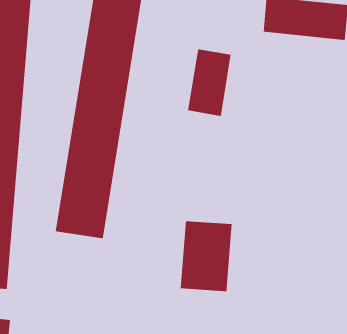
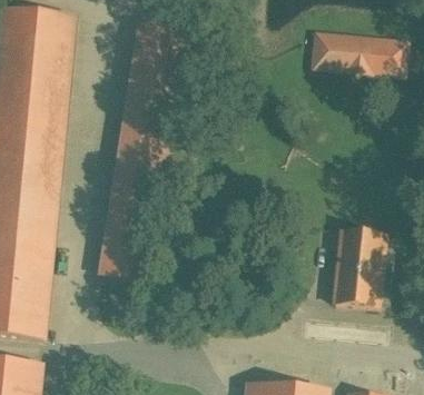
building: [188,48,231,117] -> none
building: [180,221,233,292] -> [335,231,390,305]

